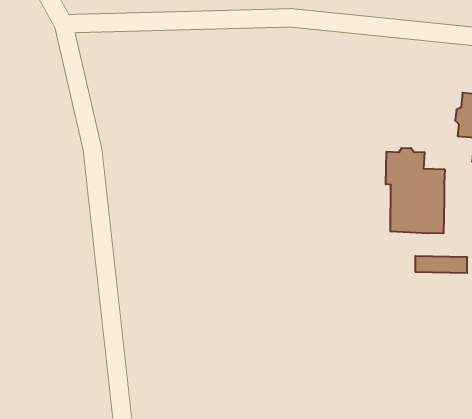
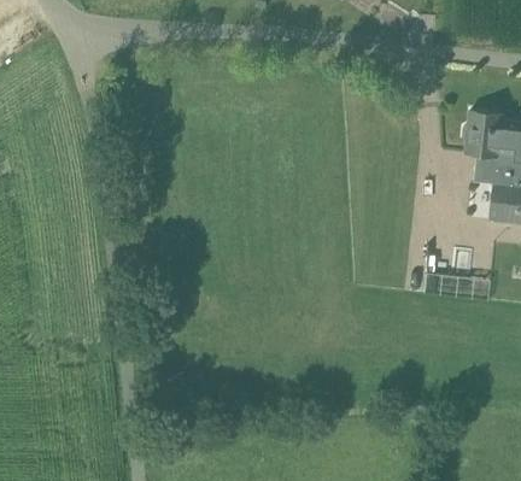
building: [386,148,445,233] -> none

